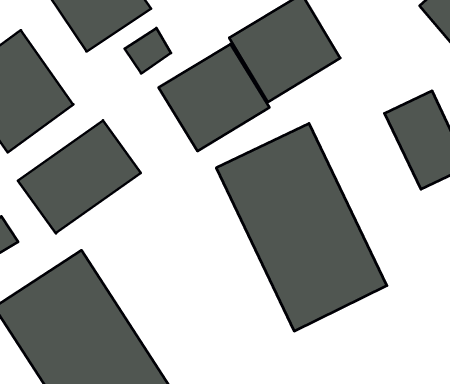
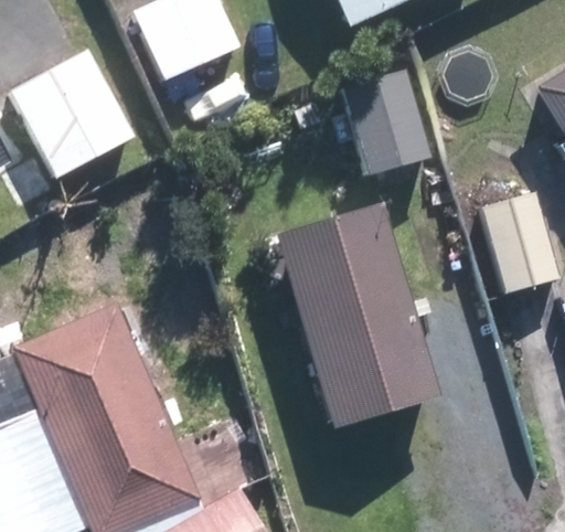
building: [159,44,269,151] -> none
building: [18,120,141,233] -> none

